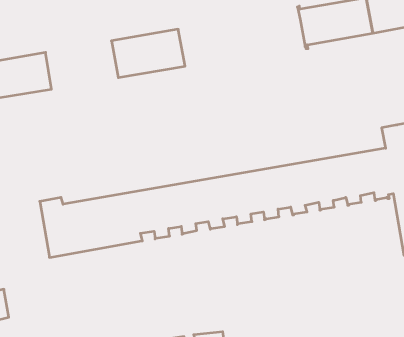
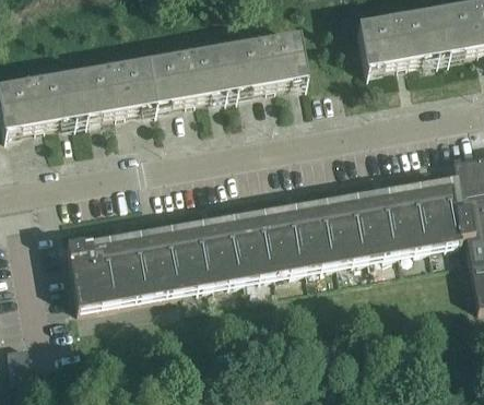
building: none -> [222,33,307,90]
building: none -> [72,61,154,116]

